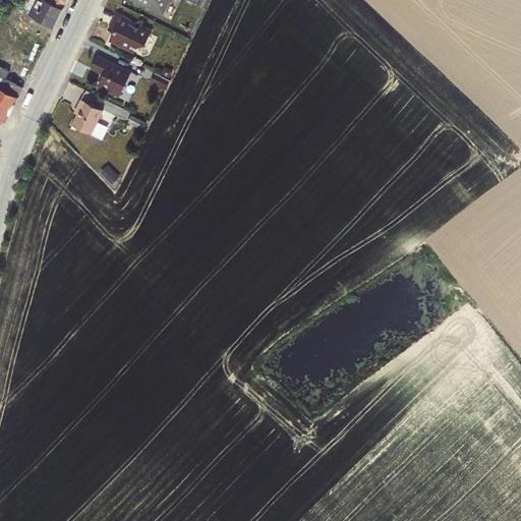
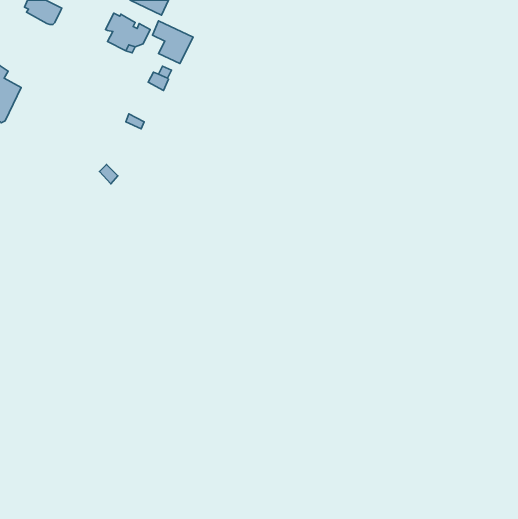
building: [90,54,130,97] -> [152,21,193,64]
building: [71,99,103,134] -> none

